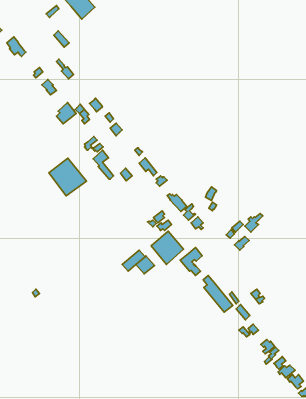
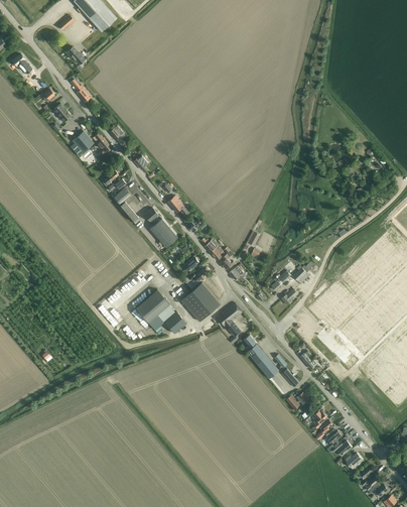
building: [49,158,86,196] -> none
building: none -> [150,220,177,248]
building: none -> [136,290,169,323]

